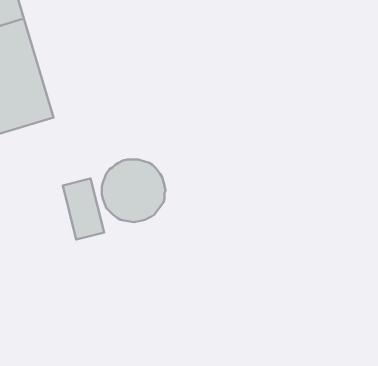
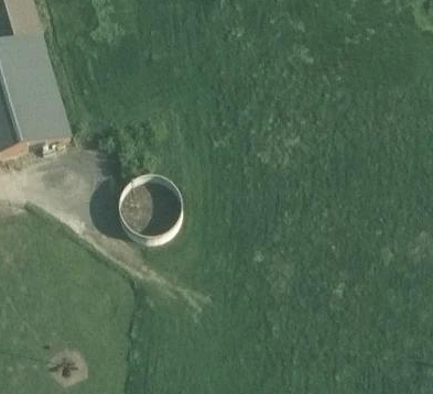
building: [63,178,104,240] -> none

